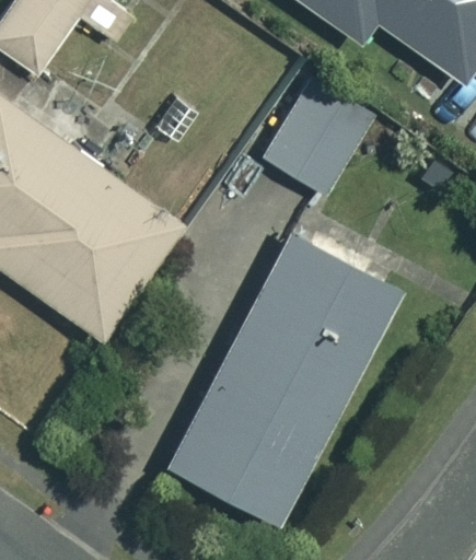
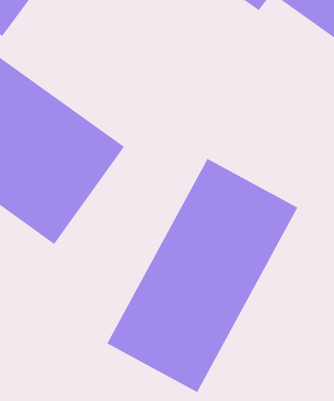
building: [263,80,372,196] -> none

